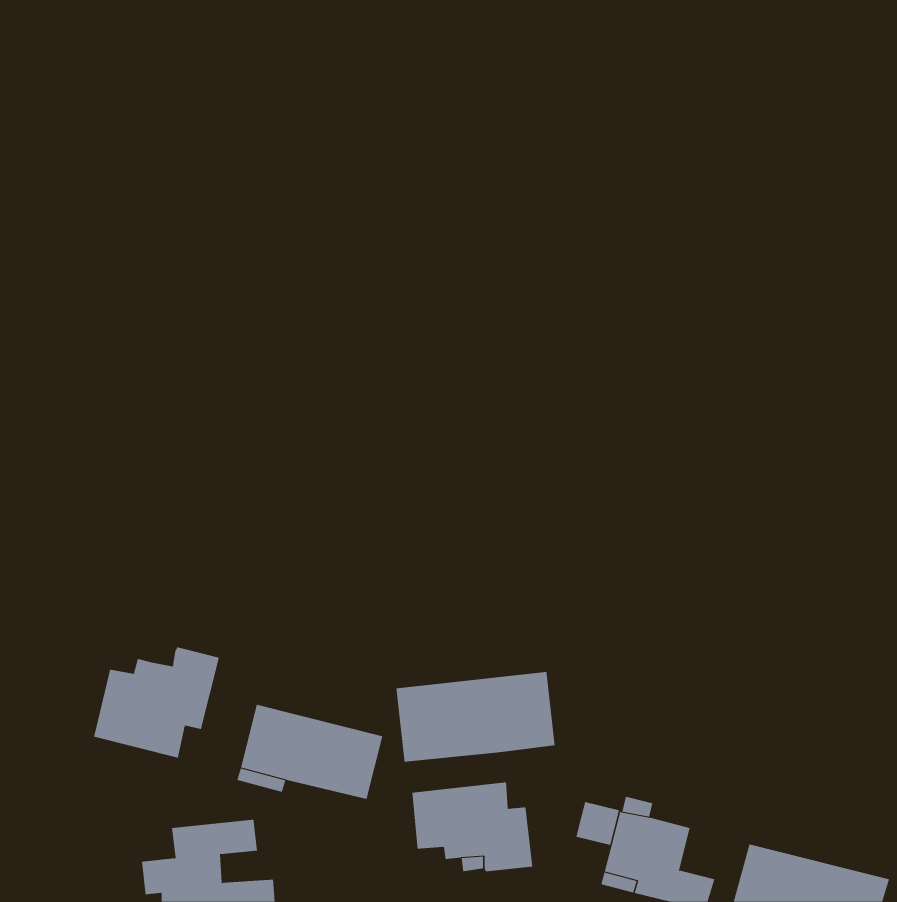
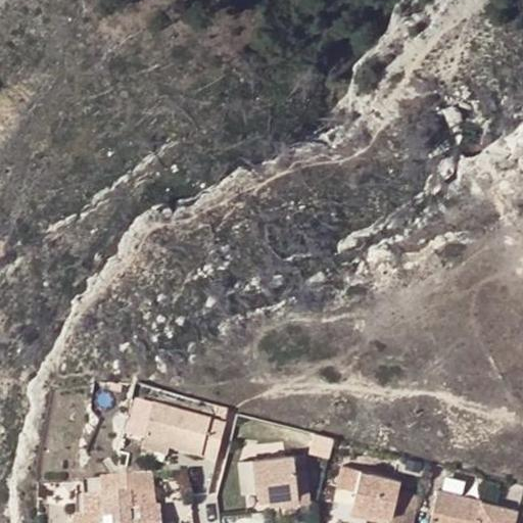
building: [94,647,220,758] -> none
building: [396,671,555,763] -> none

